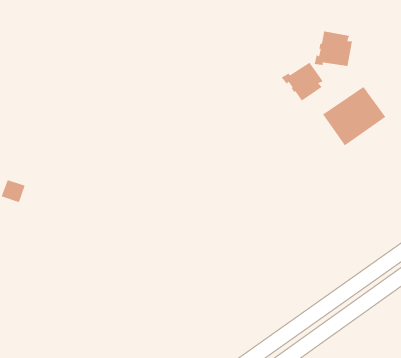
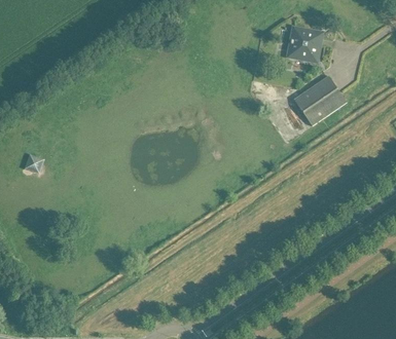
building: [281,62,323,101] -> none

